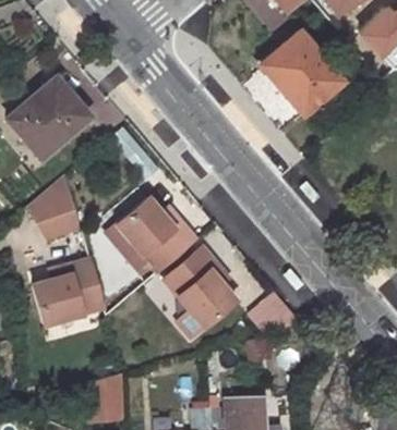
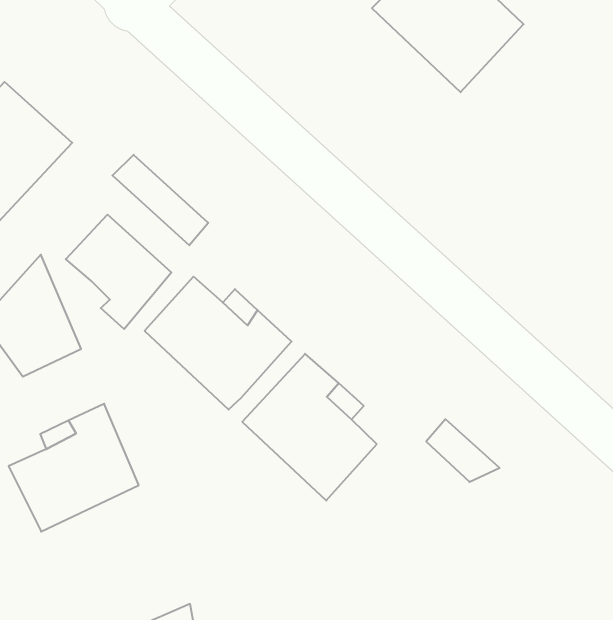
building: none -> [66,215,171,329]

